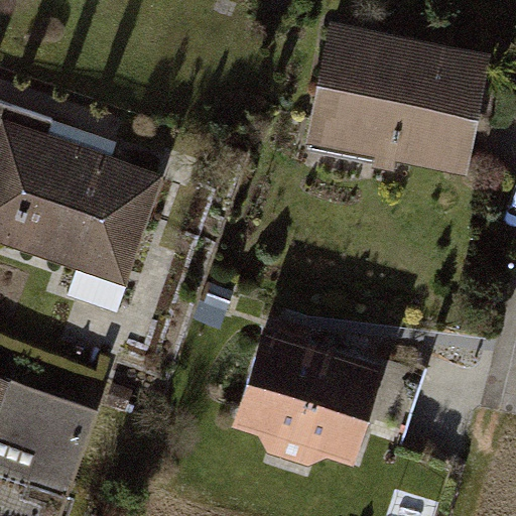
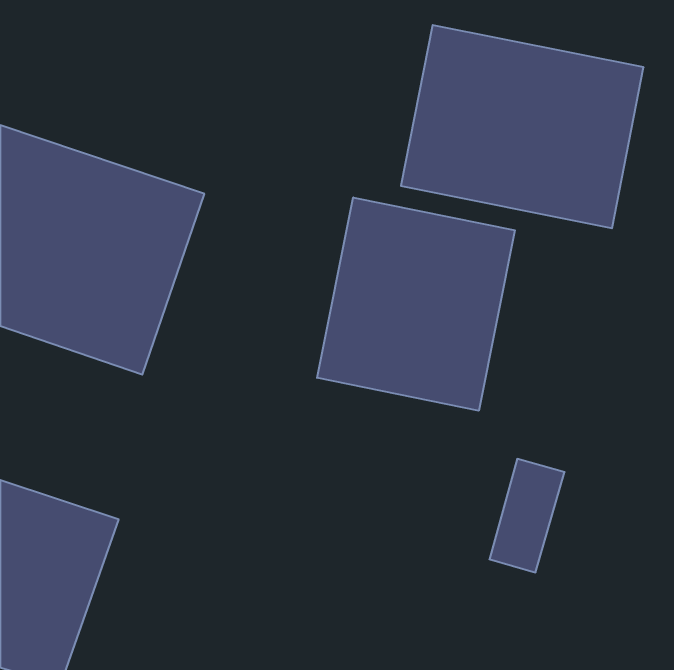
building: none -> [317,197,515,411]
building: [233,330,389,469] -> none

